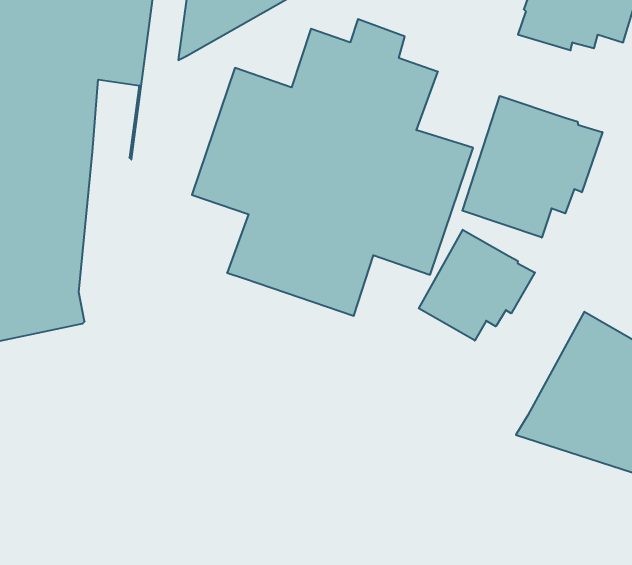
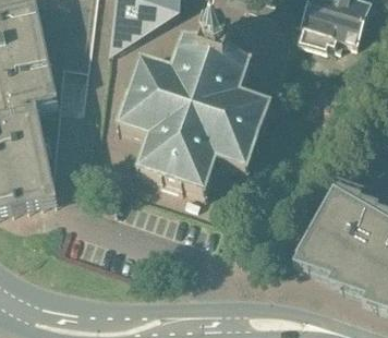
building: [462,96,602,238] -> none
building: [419,230,535,341] -> none

